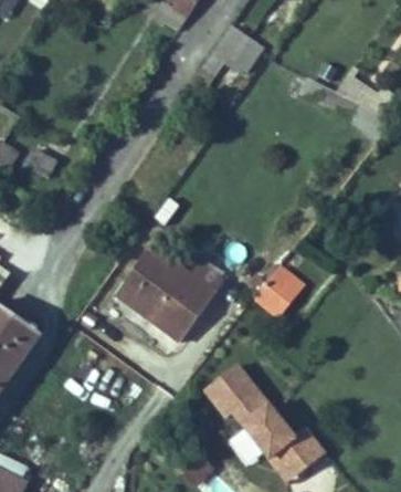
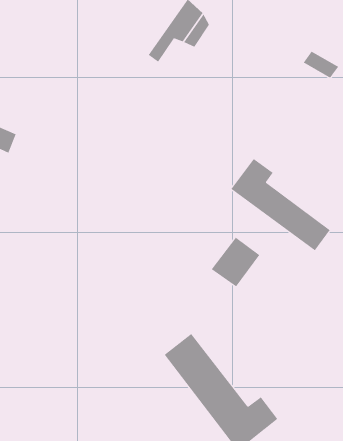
building: none -> [230,158,330,251]
building: [115,249,217,344] -> none

